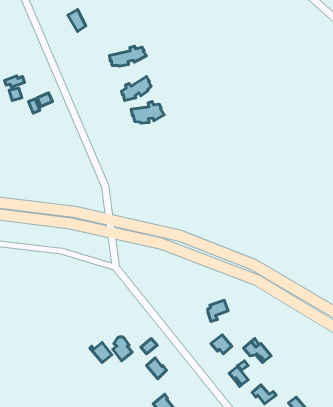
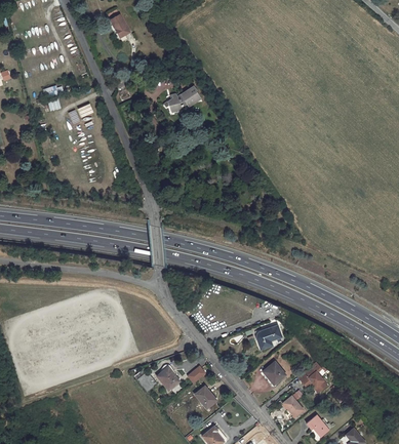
building: [109,46,147,66] -> none
building: [131,102,164,123] -> none

